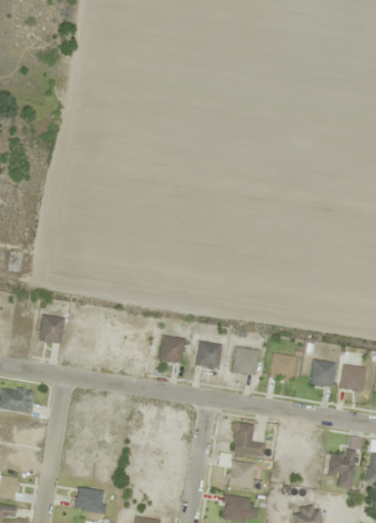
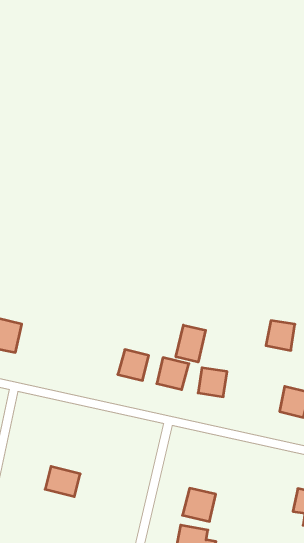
building: none -> [176,325,206,362]
building: [271,353,296,380] -> [266,321,295,350]
building: [233,422,266,456] -> none
building: [75,486,106,513] -> [45,466,80,497]

